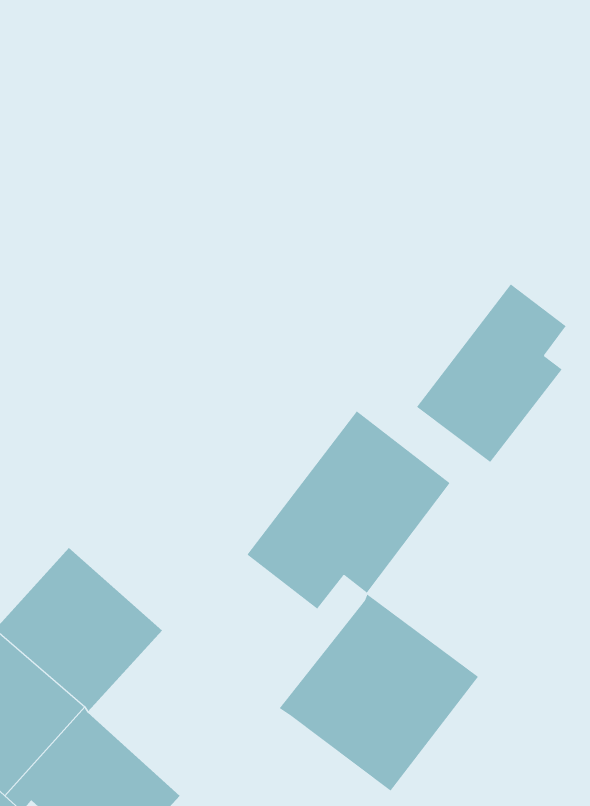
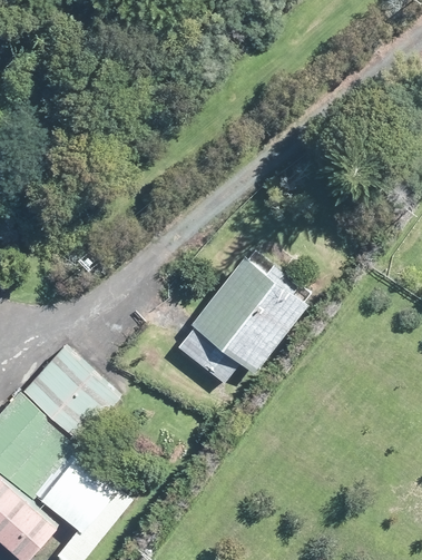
building: [416,284,567,463] -> none
building: [279,593,479,792] -> none

